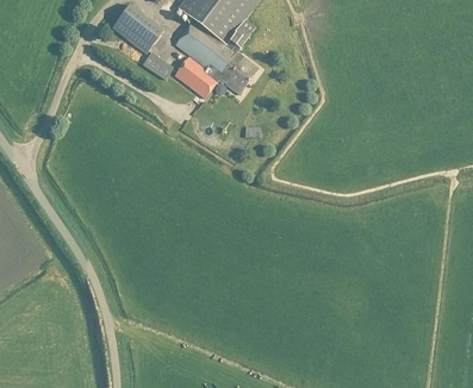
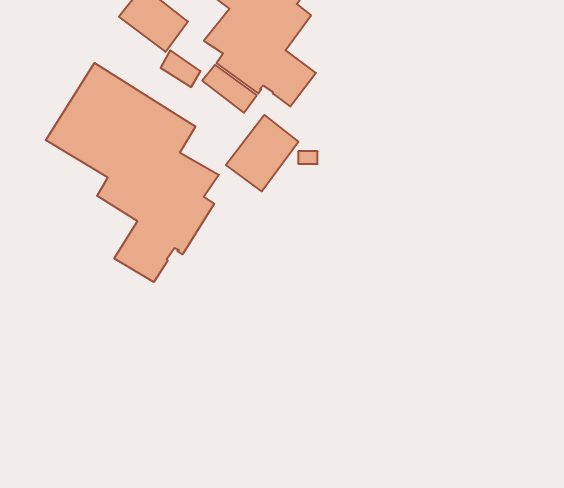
building: none -> [46,63,219,282]
building: none -> [226,115,298,191]

